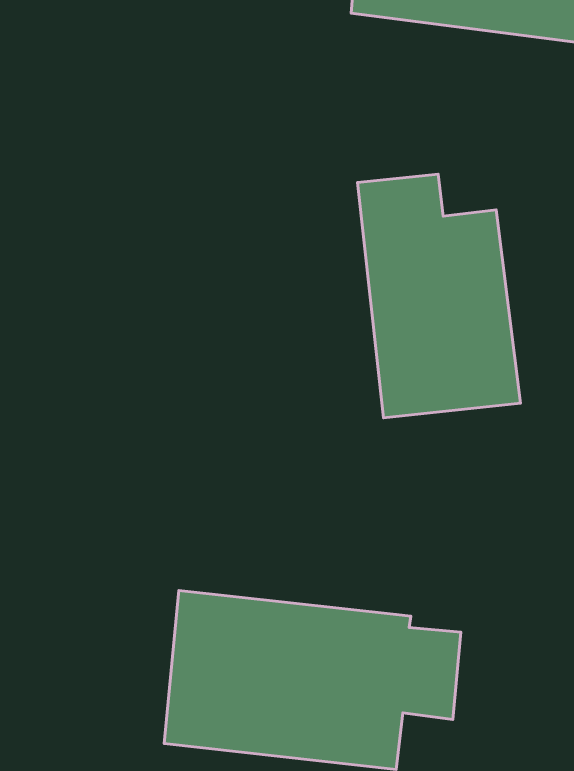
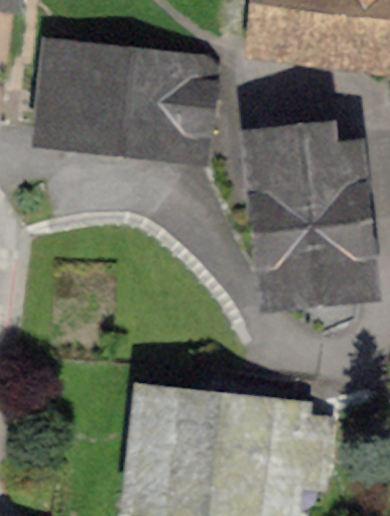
building: none -> [33,39,192,133]

